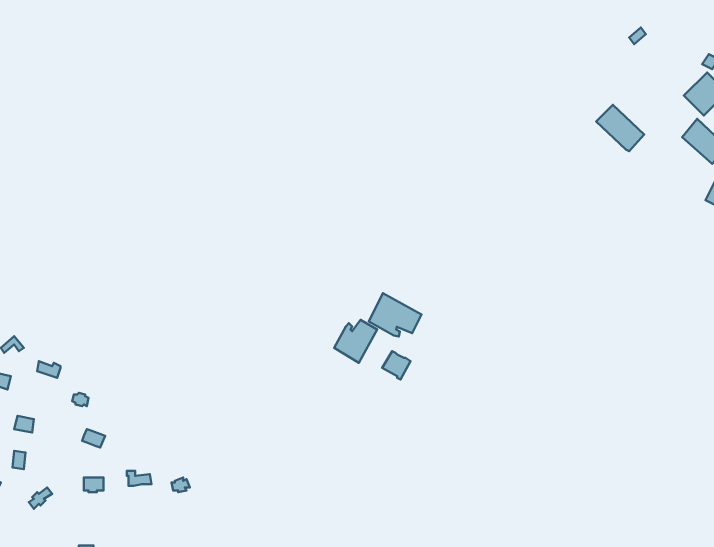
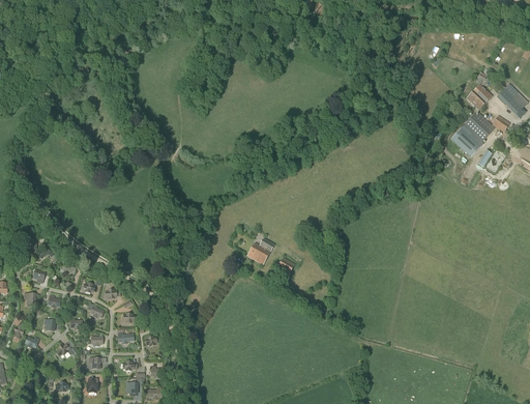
building: [596,105,644,151] -> [450,127,480,156]
building: [369,293,422,337] -> none

